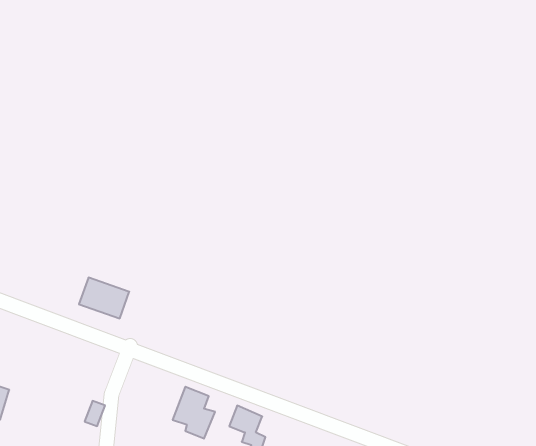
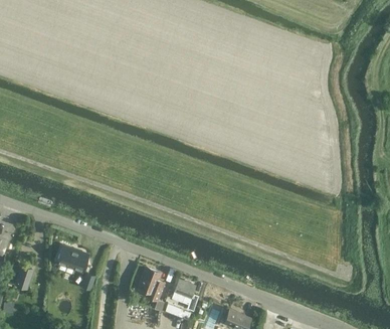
building: [79,278,129,318] -> [55,249,87,275]

